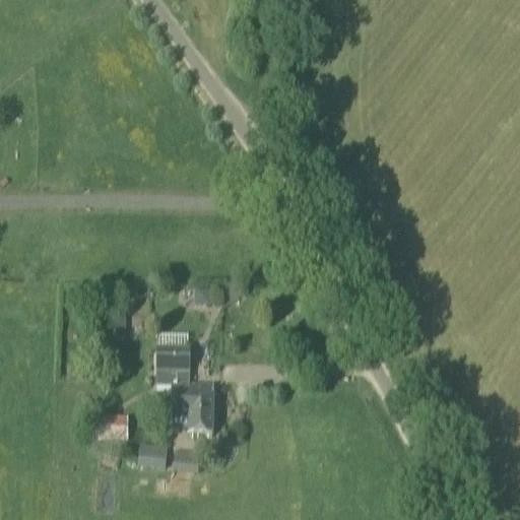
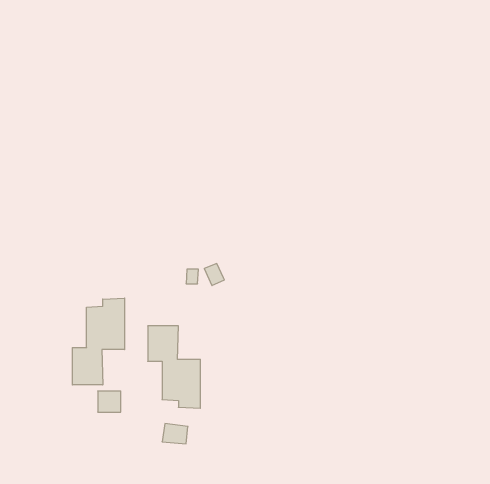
building: none -> [72,298,125,385]
building: [137,440,168,466] -> none

